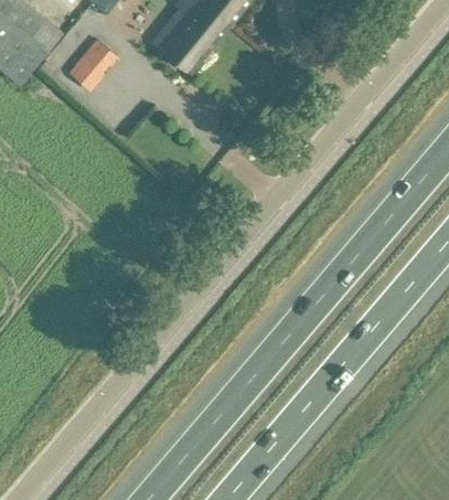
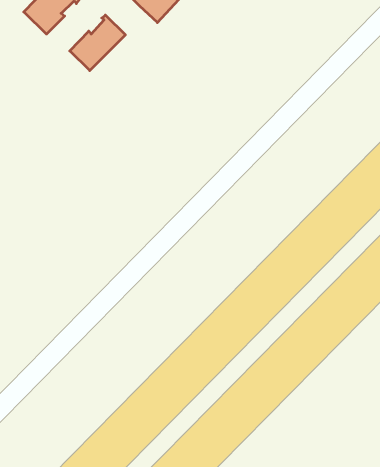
building: none -> [70,15,125,71]

